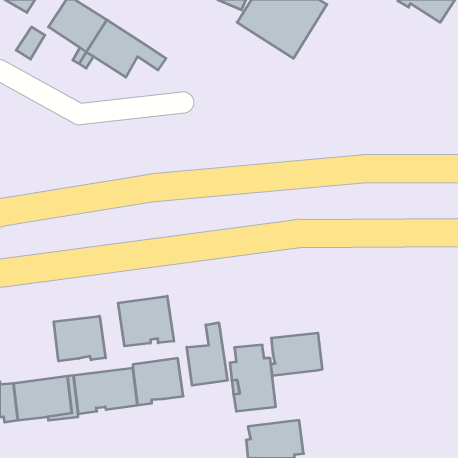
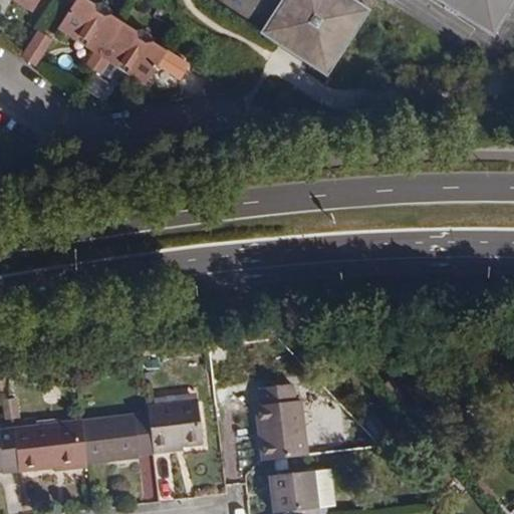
building: [118,296,174,346] -> none
building: [54,316,106,361] -> none
building: [187,323,227,385] -> none
building: [271,333,322,376] -> none

